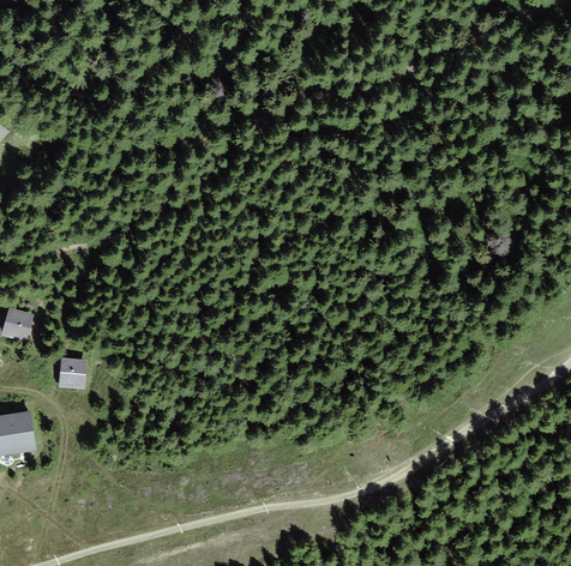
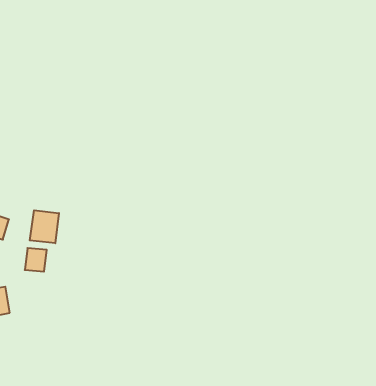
building: none -> [30,210,59,243]

